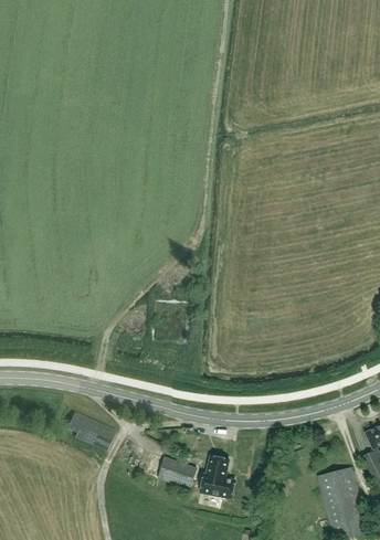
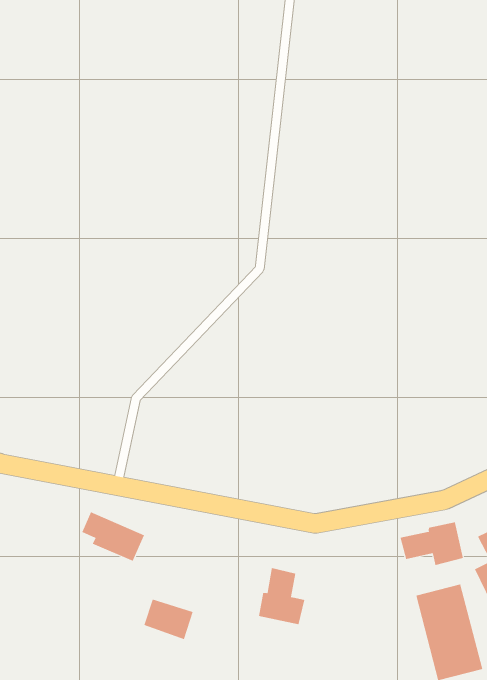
building: none -> [400,521,464,566]
building: [158,456,196,487] -> [143,599,193,640]

